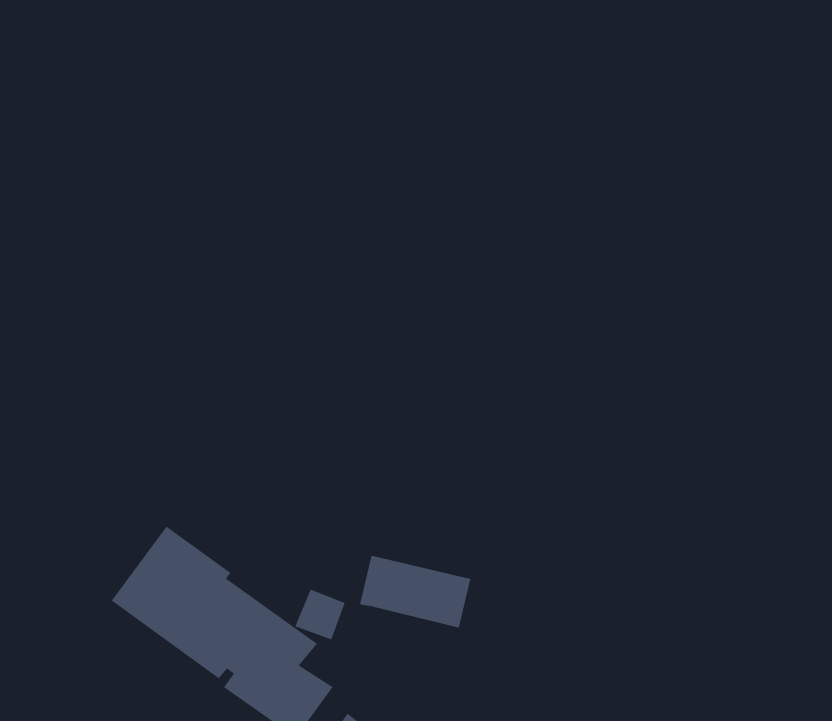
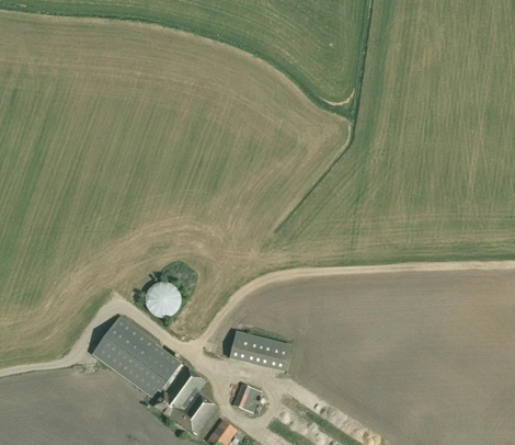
building: none -> [146,281,182,317]
building: [294,589,346,640] -> [233,383,262,411]

